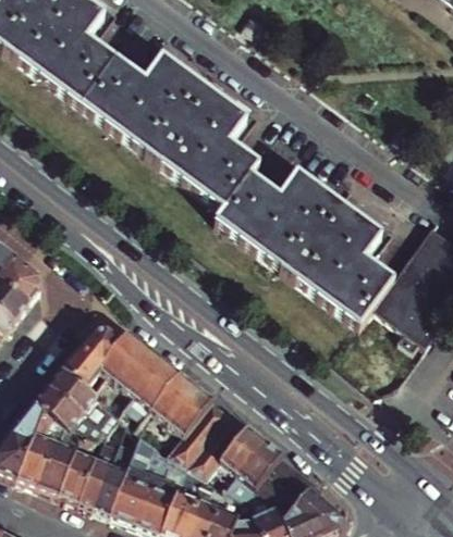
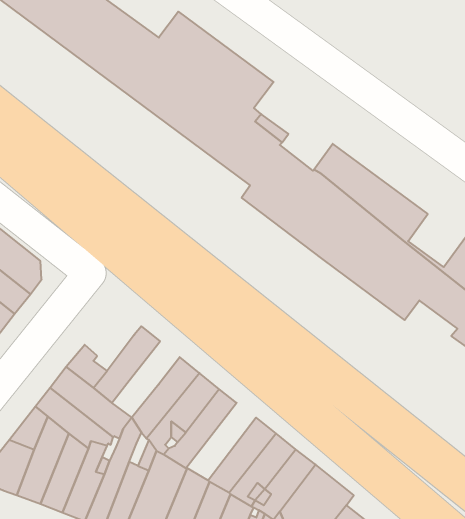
building: [78,326,122,369] -> none
building: [102,342,162,410] -> none
building: [168,397,230,465] -> none

